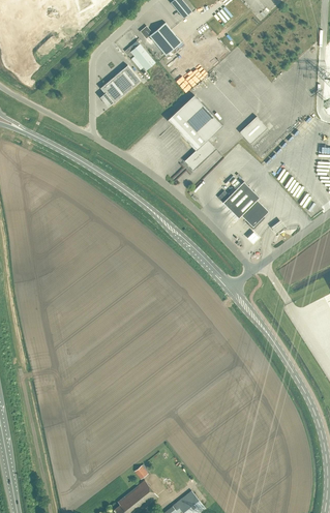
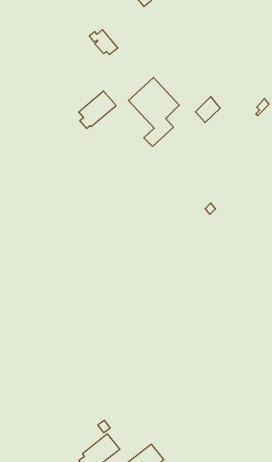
building: [141,23,182,56] -> none
building: [100,65,141,105] -> [79,91,116,128]
building: [222,181,269,228] -> none

